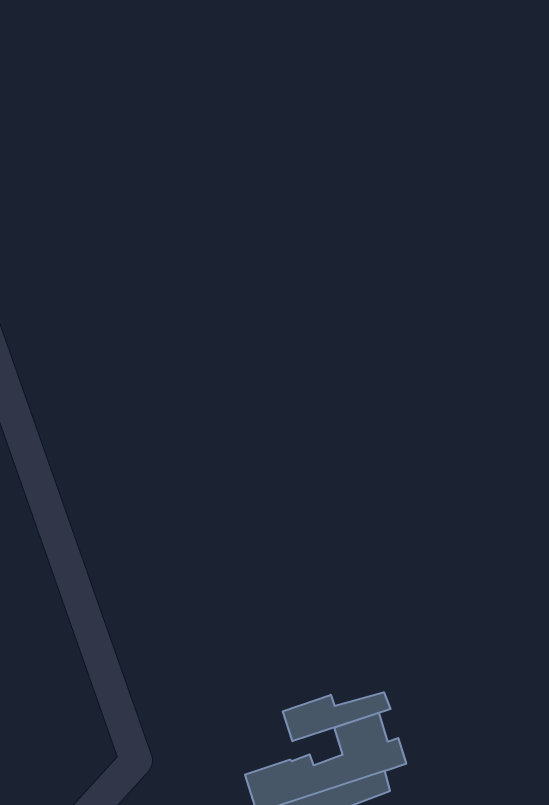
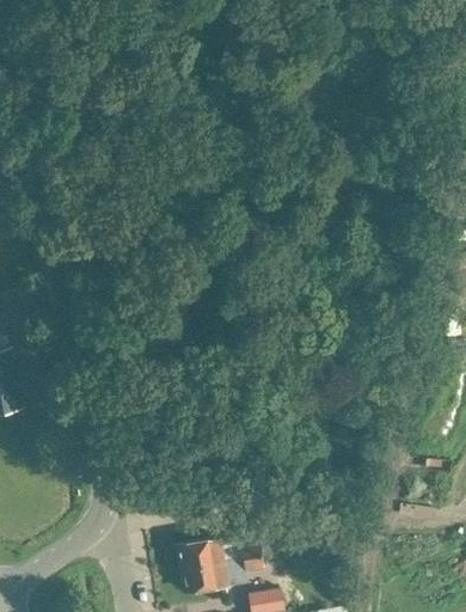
building: [283,692,391,741] -> none

